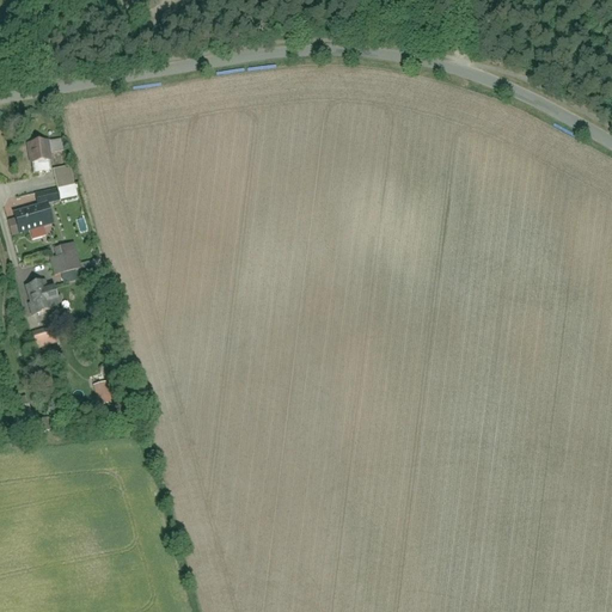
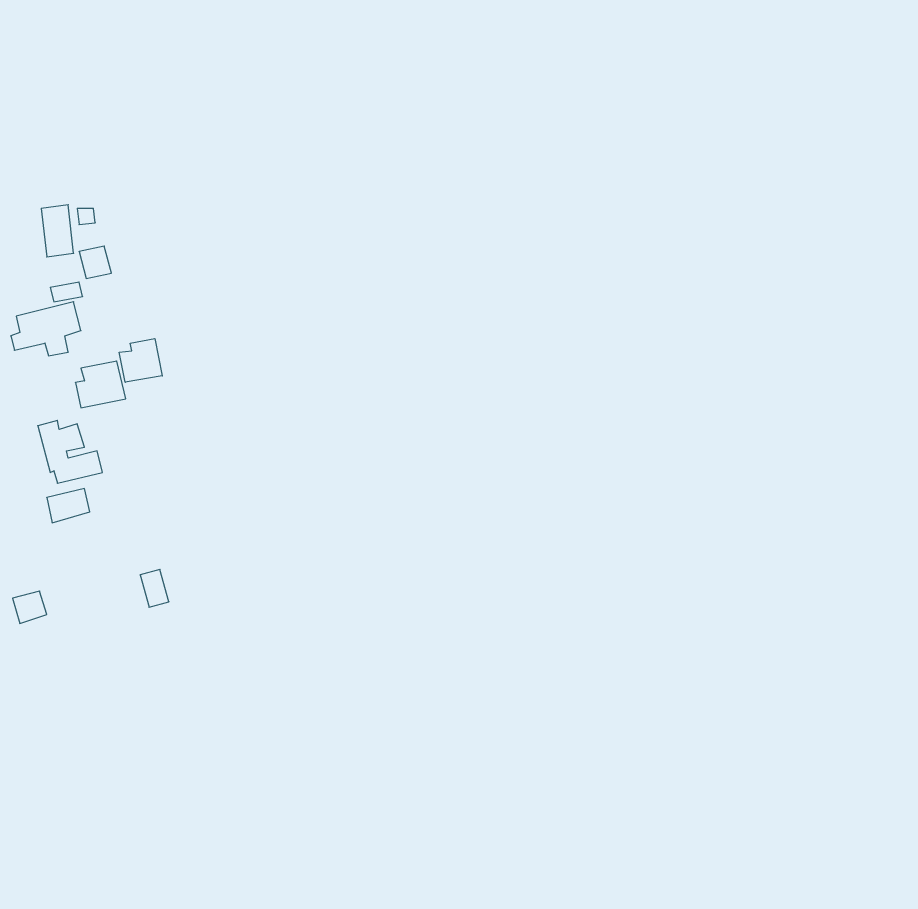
building: none -> [119,339,162,382]

